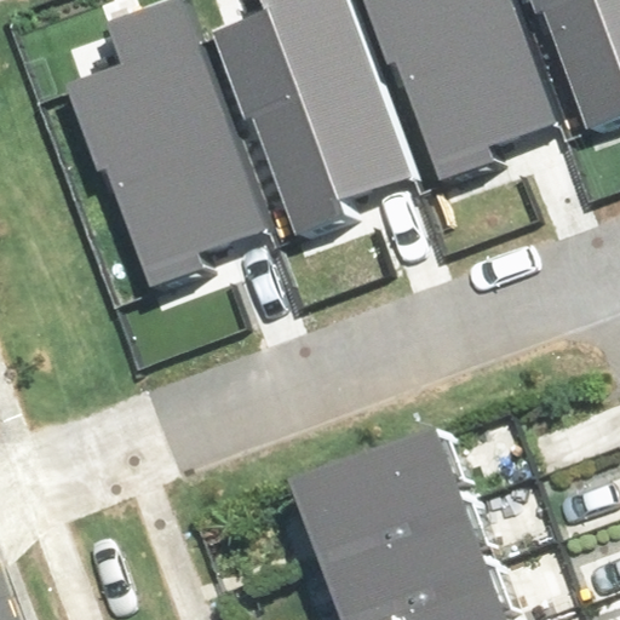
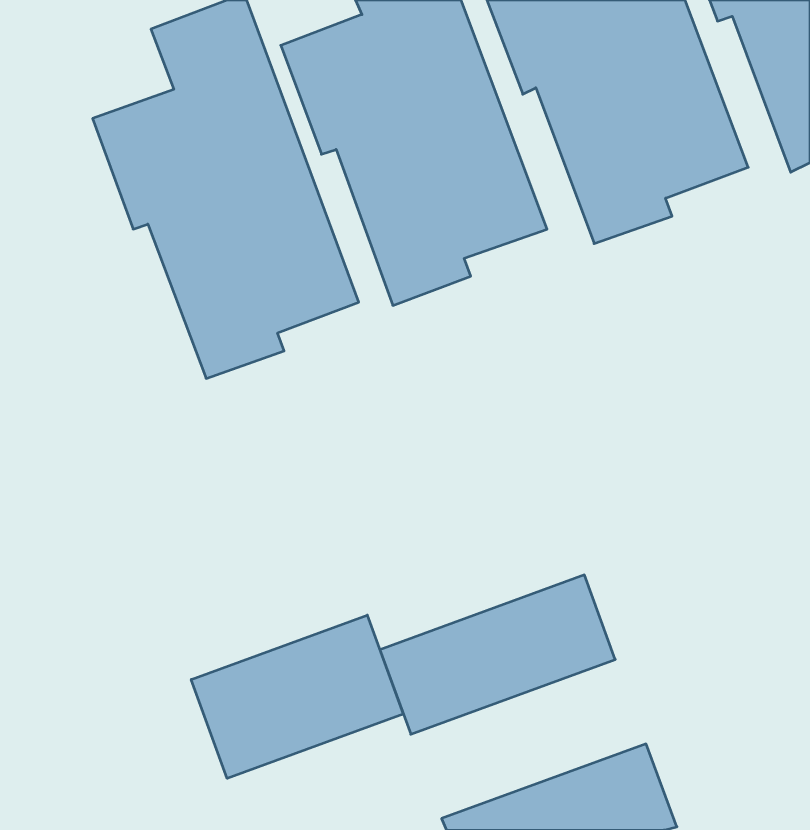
building: none -> [191,615,403,778]
building: [306,492,482,610] -> none

